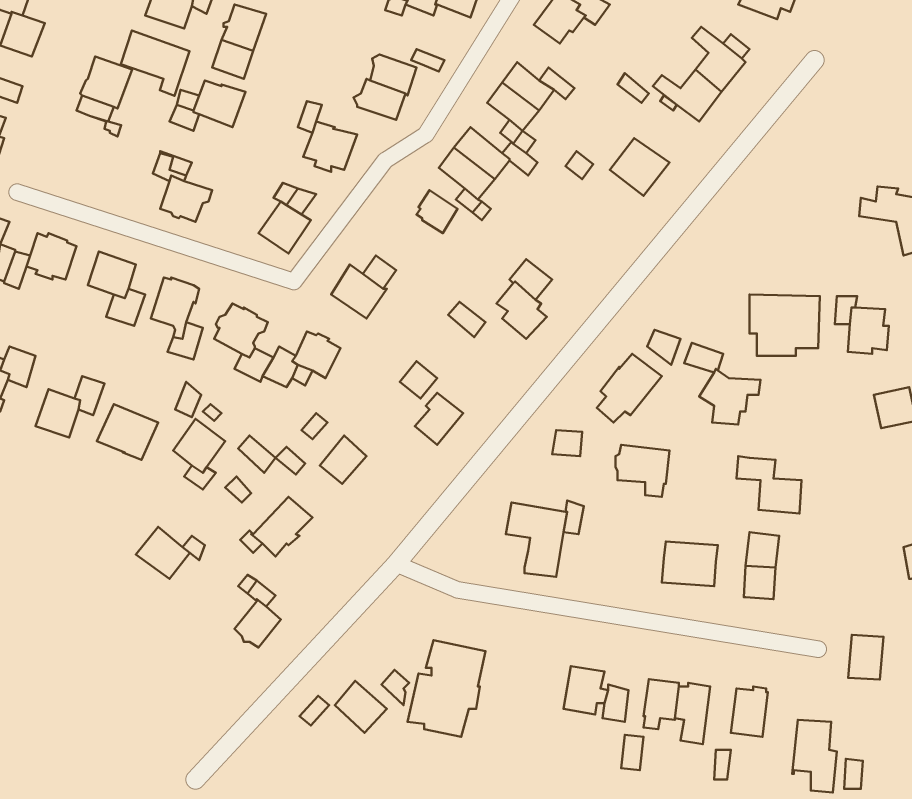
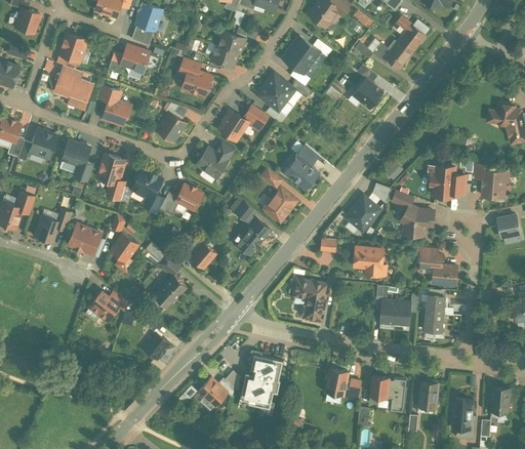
building: [121,31,190,96] -> [54,73,92,109]
building: none -> [219,112,247,139]
building: none -> [264,188,296,221]
building: [848,635,883,680] -> [490,387,510,412]

